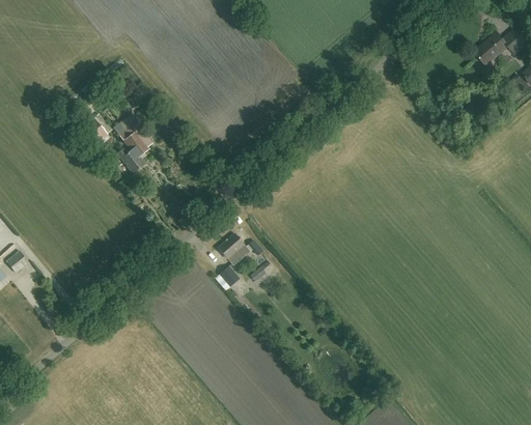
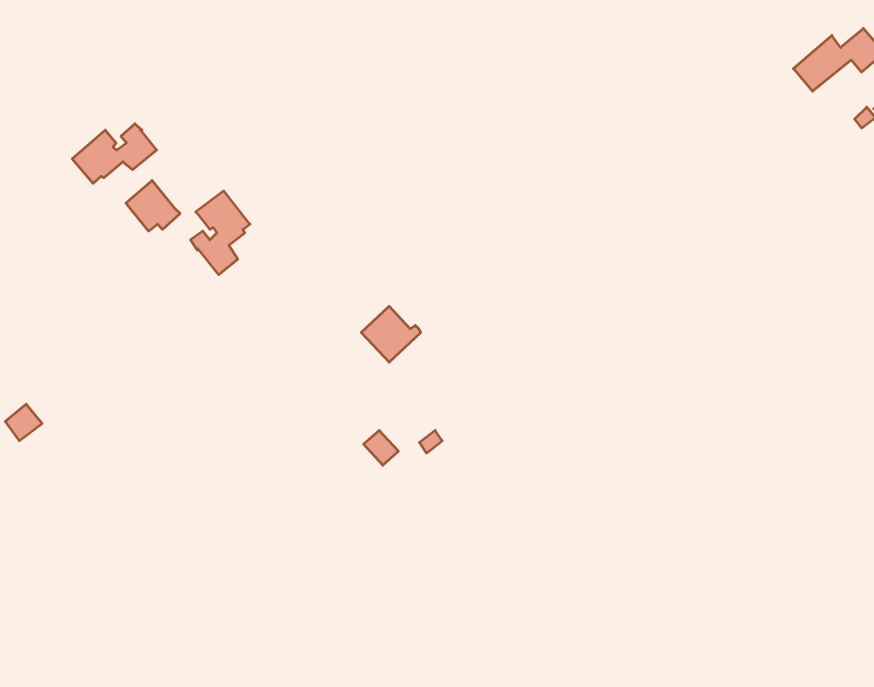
building: none -> [72,124,157,183]
building: [217,232,252,265] -> [361,306,421,362]

